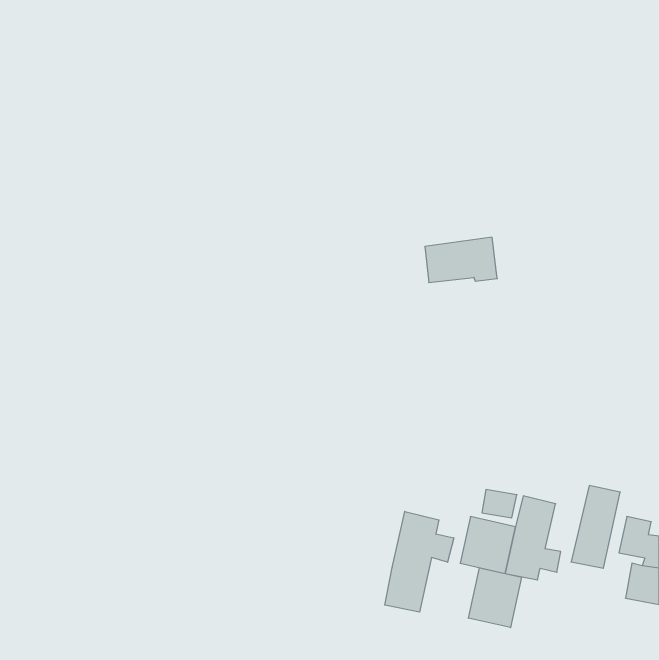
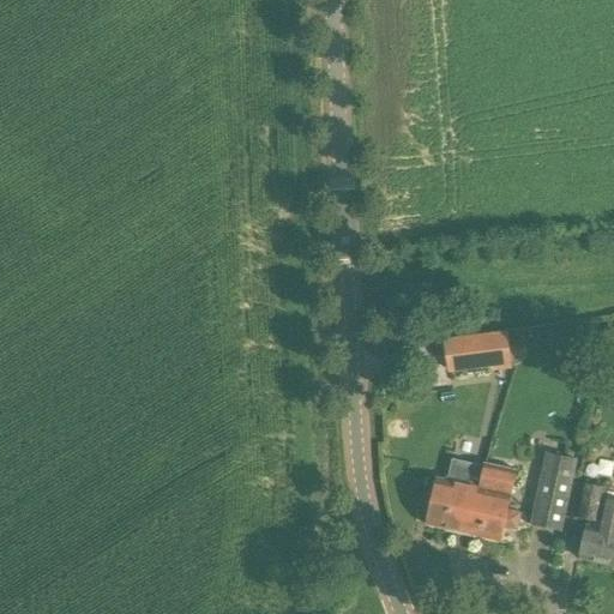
building: [425,237,497,283] -> [443,331,510,373]
building: [385,511,454,612] -> none
building: [468,568,522,628] -> none

